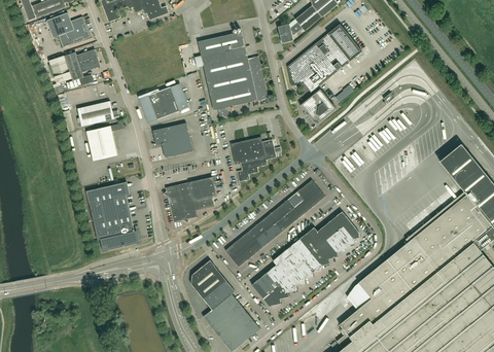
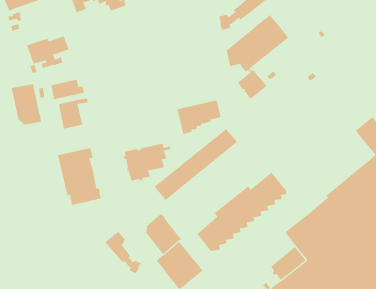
building: [47,12,91,47] -> none
building: [195,32,268,110] -> none
building: [141,84,188,121] -> none
building: none -> [11,83,41,125]
building: [153,122,193,157] -> none
building: [225,180,325,267] -> [154,128,238,201]
building: none -> [105,231,142,274]

